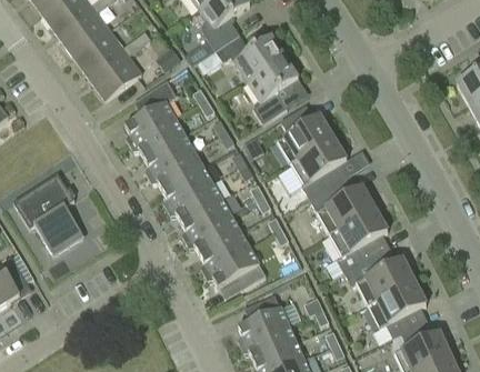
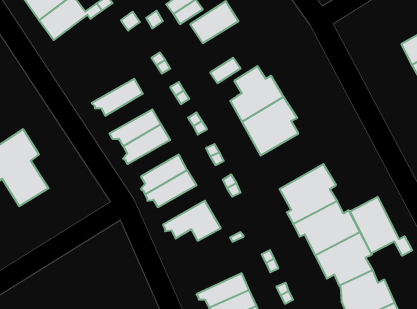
building: [89,50,141,99] -> none
building: [247,57,298,101] -> none
building: [124,80,177,143] -> none
building: [143,133,193,175] -> none
building: [308,175,374,234] -> none
building: [167,182,221,221] -> none
building: [199,230,249,272] -> none
building: none -> [350,197,412,256]
building: [237,294,288,345] -> none

